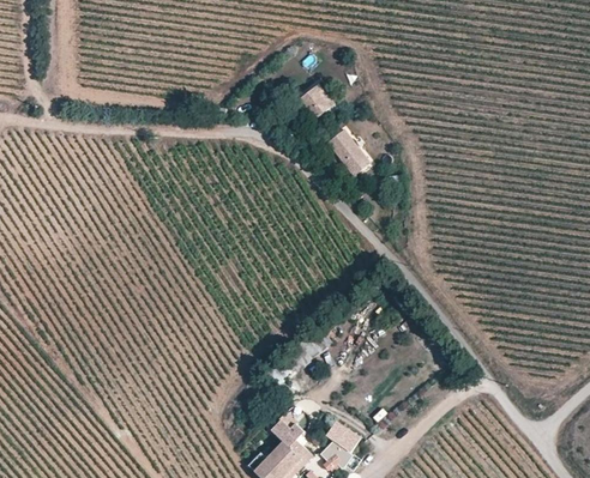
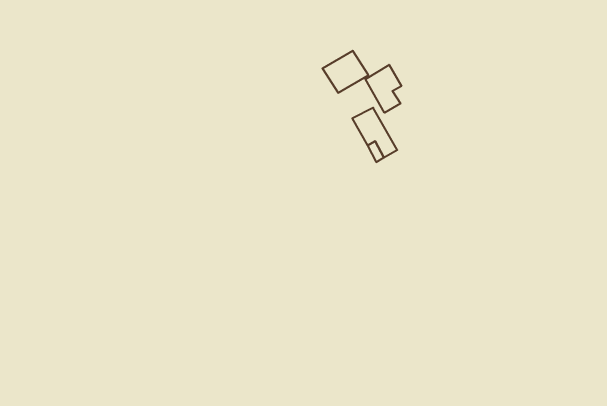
building: none -> [365,65,401,113]

